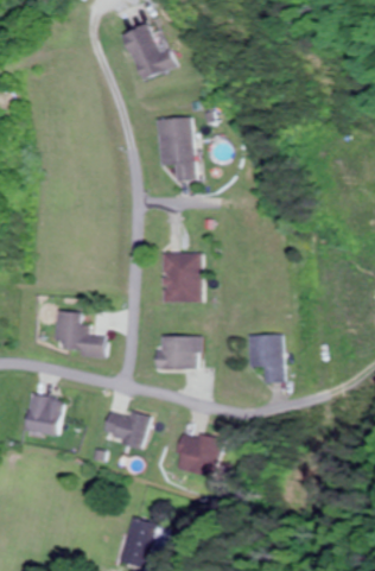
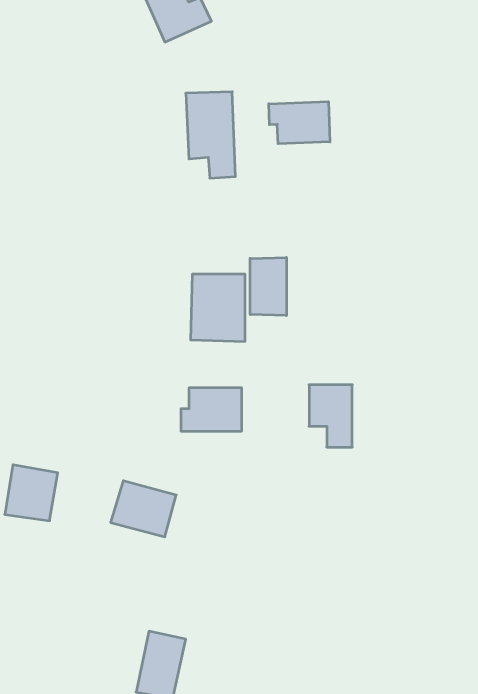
building: none -> [269,102,330,144]
building: none -> [250,257,286,316]
building: [53,311,106,356] -> none
building: [174,432,222,476] -> none

